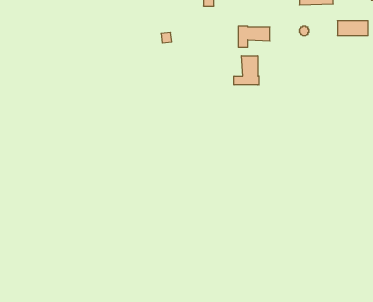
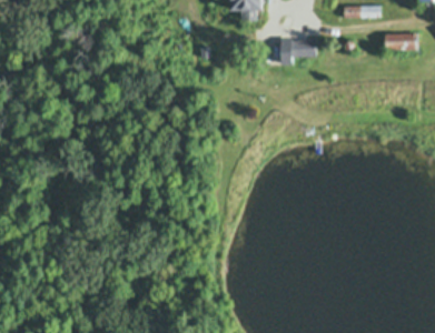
building: [234,56,259,85] -> none

